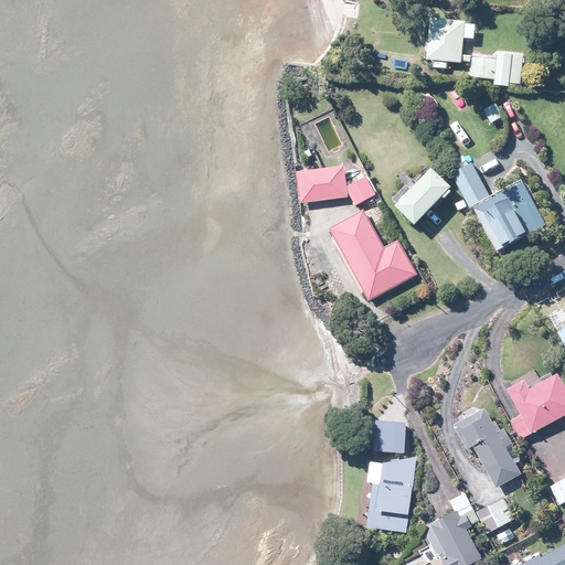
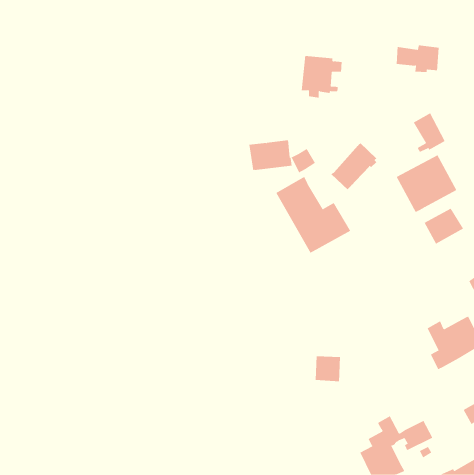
building: [426,18,476,68] -> [301,55,343,98]
building: [451,162,490,210] -> [413,112,446,152]
building: none -> [424,208,464,244]
building: [452,406,518,487] -> none
building: [366,457,416,532] -> none

